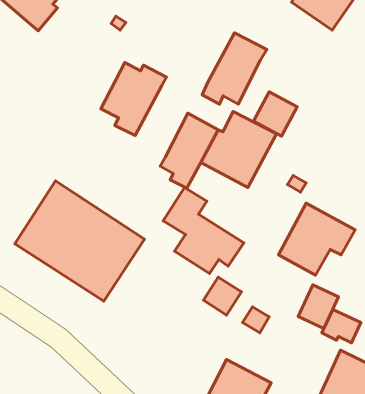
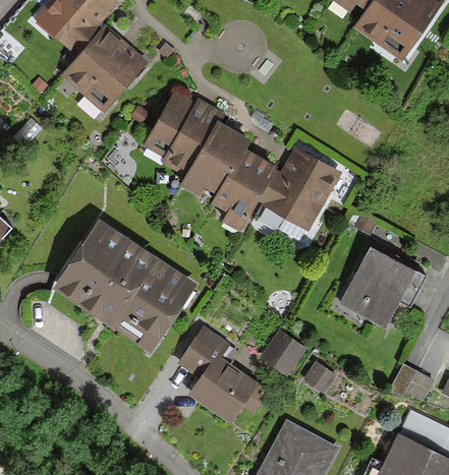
building: none -> [61,28,146,113]
building: [202,33,267,104] -> [179,118,250,196]
building: [253,92,297,136] -> none
building: [163,187,244,273] -> [179,325,268,420]
building: [298,285,339,328] -> none

